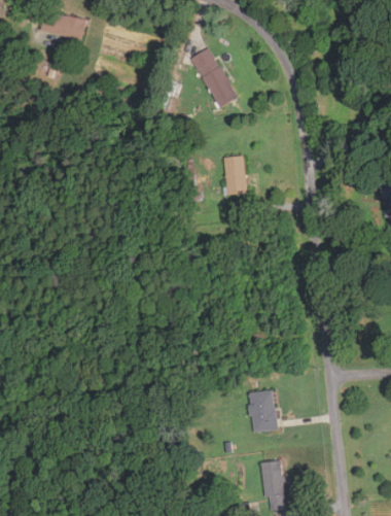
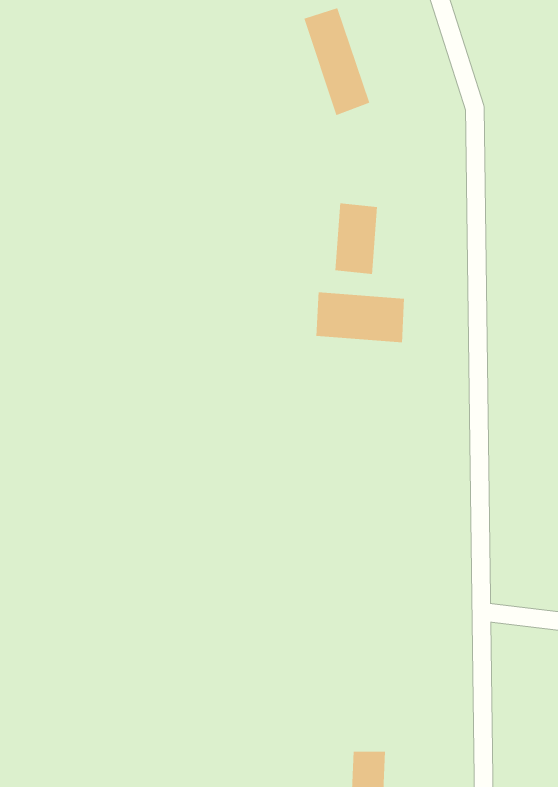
building: none -> [316,291,405,343]
building: [250,390,276,432] -> none

